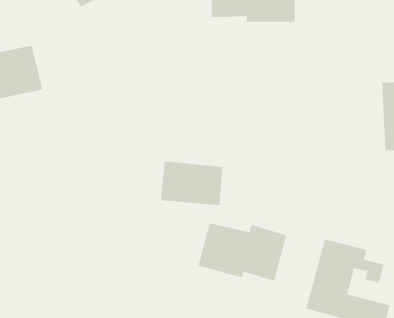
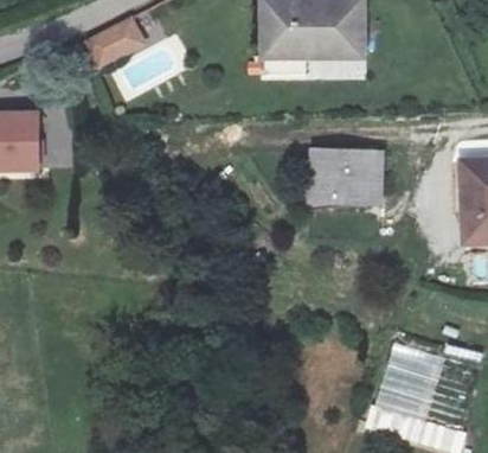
building: [160,161,223,205] -> [306,160,381,213]
building: [198,222,287,281] -> none

